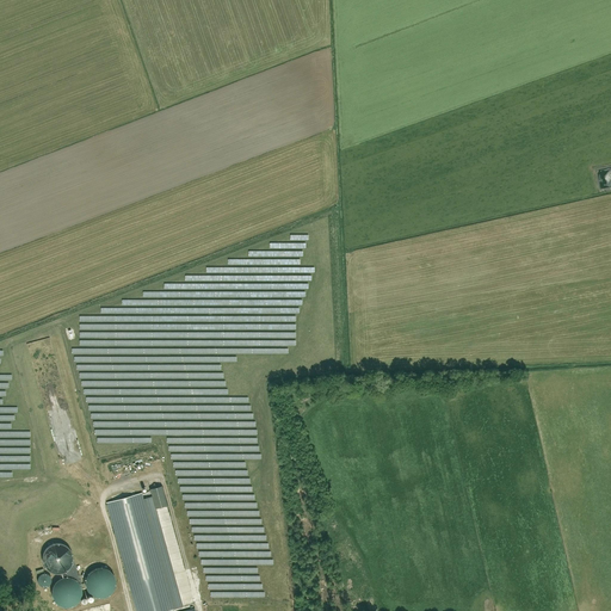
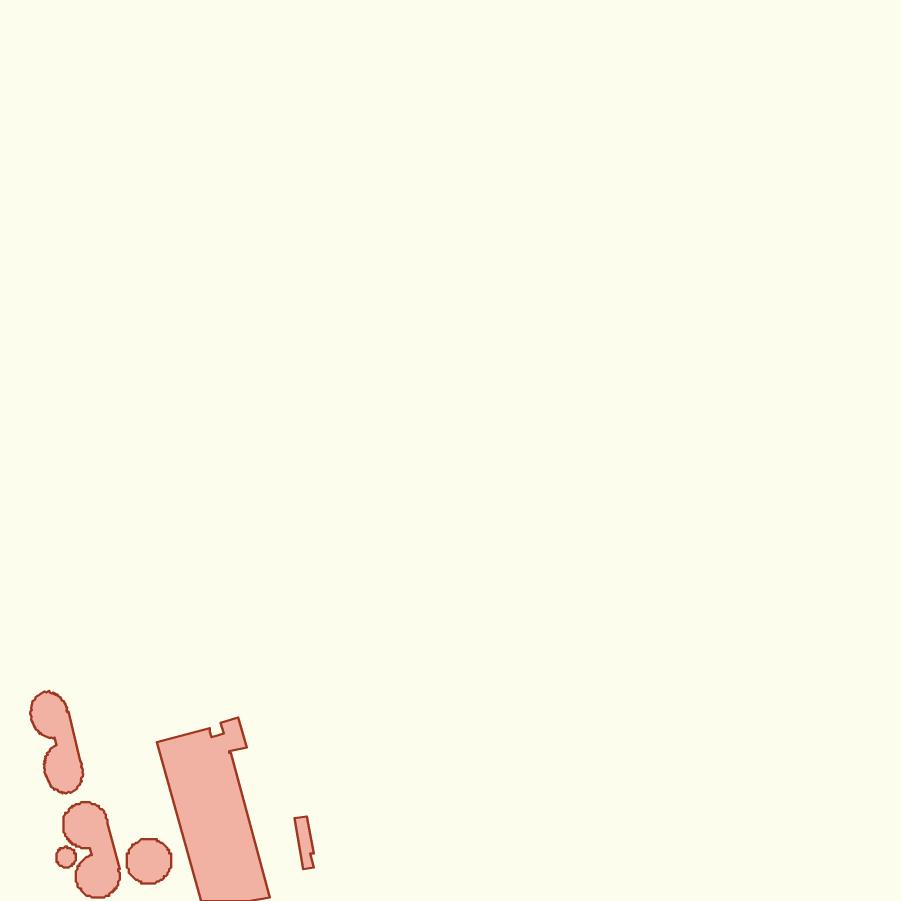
building: none -> [30,691,83,794]

